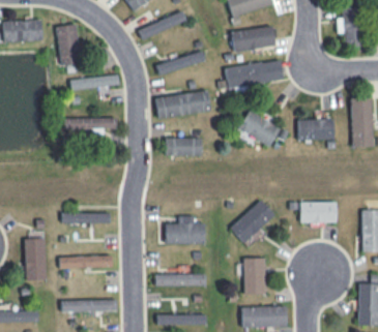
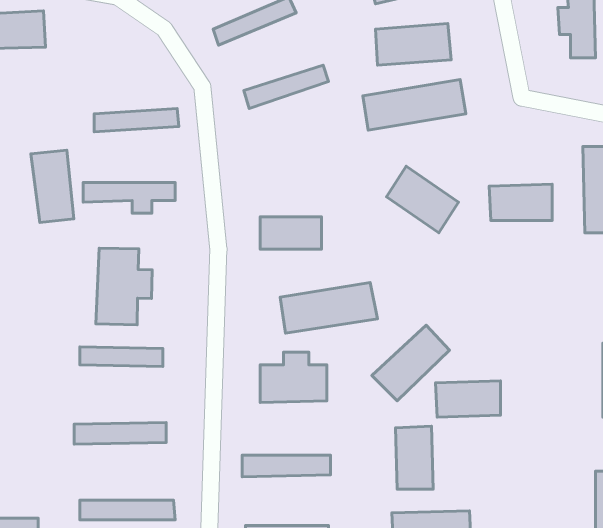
building: [55,24,80,65] -> [31,150,74,222]
building: [155,90,211,119] -> [280,283,377,333]
building: none -> [96,248,152,325]
building: [299,202,337,222] -> [435,381,500,417]
building: [24,238,46,280] -> none

